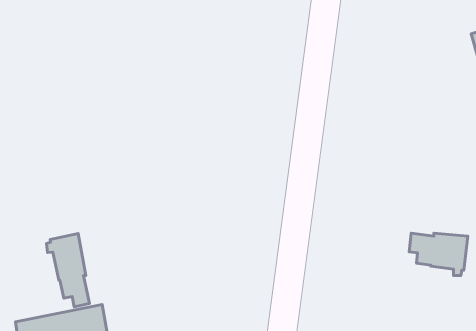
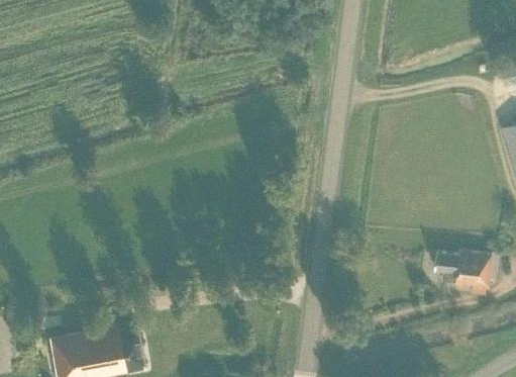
building: [46,234,90,307] -> none

